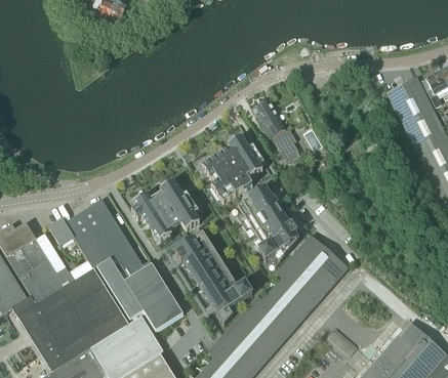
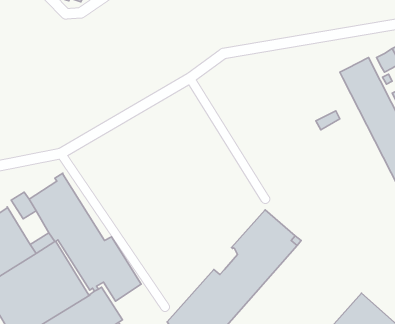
building: [253,99,301,165] -> none
building: [202,137,264,203] -> none
building: [131,180,199,242] -> none
building: [237,186,300,265] -> none
building: [172,230,252,325] -> none

